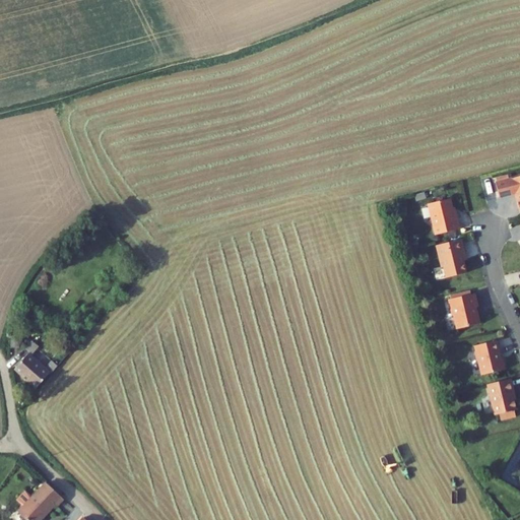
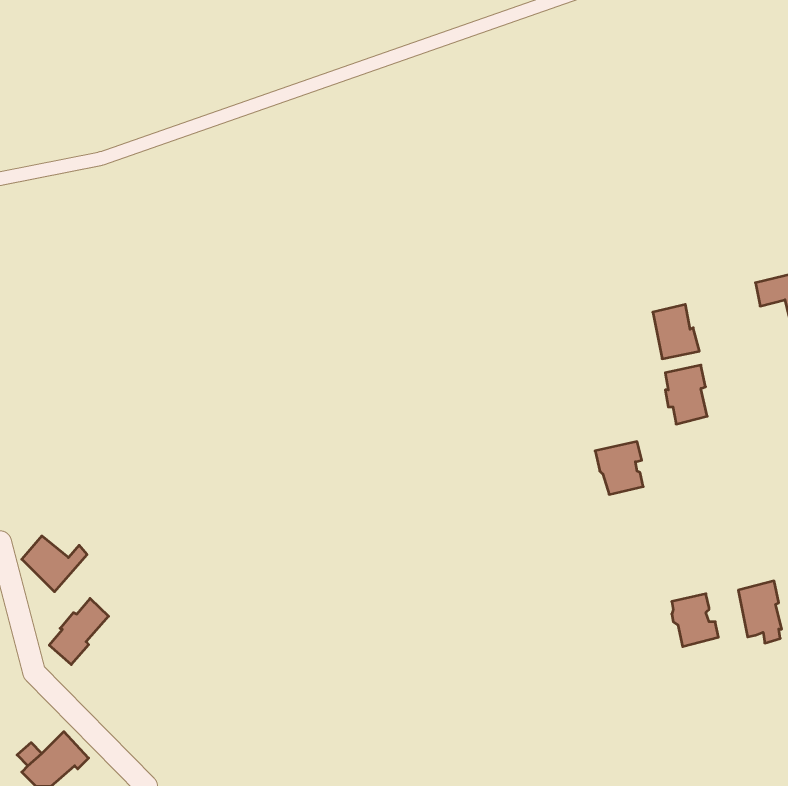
building: [447,295,478,329] -> [595,442,643,494]
building: [474,341,505,376] -> [672,594,718,647]
building: none -> [49,598,109,665]

